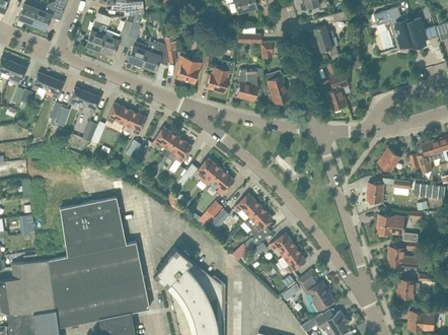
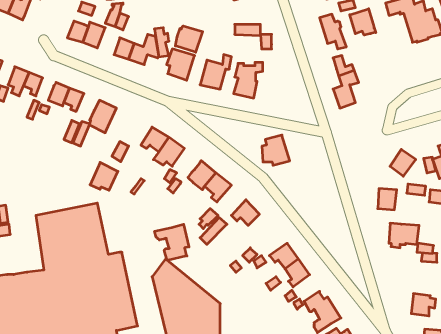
building: none -> [350,9,376,35]
building: none -> [175,26,203,52]
building: [264,76,289,104] -> [262,135,290,165]
building: [121,110,146,135] -> [90,162,118,190]
building: [243,206,272,231] -> none
building: none -> [155,224,189,260]
building: [387,247,419,269] -> none

